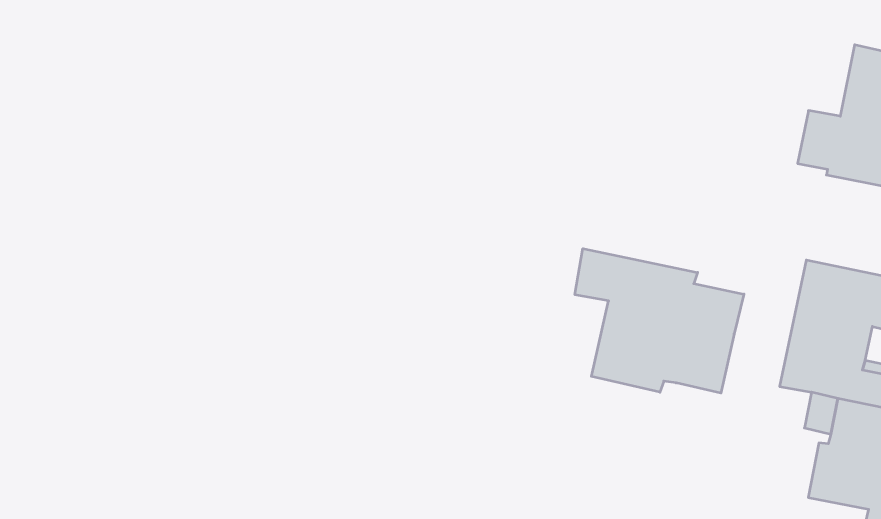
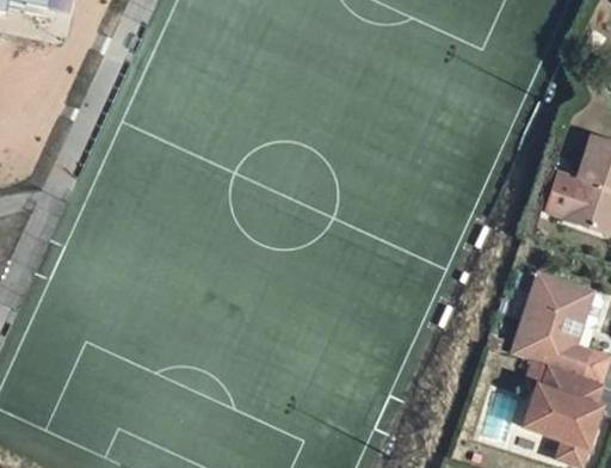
building: [575,249,744,393] -> none

